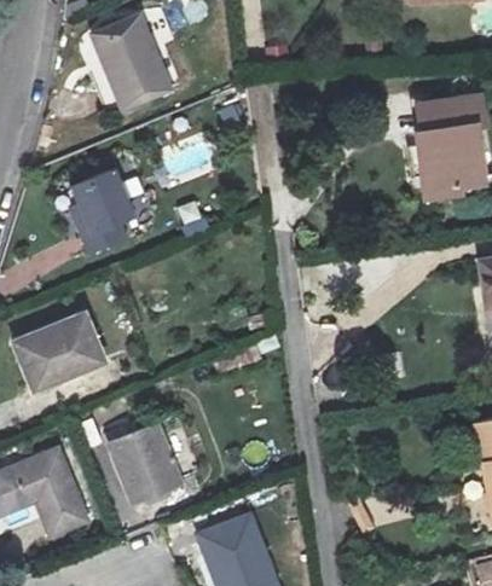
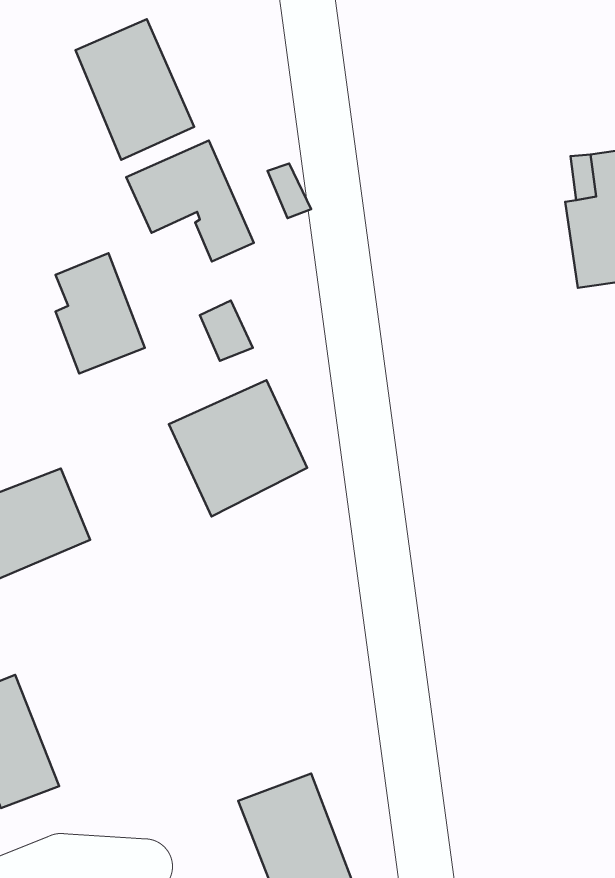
building: none -> [126,141,254,262]
building: none -> [169,380,307,517]
building: [102,420,174,498] -> none

